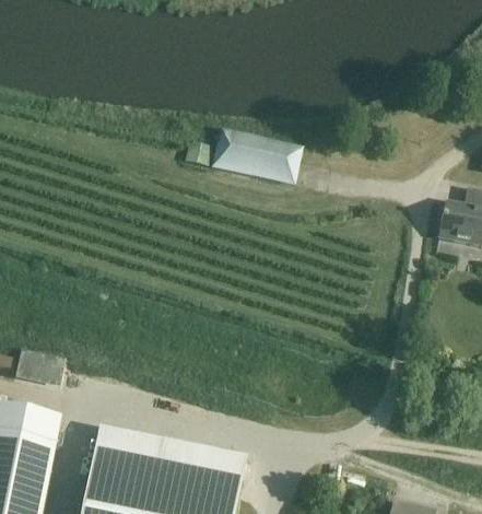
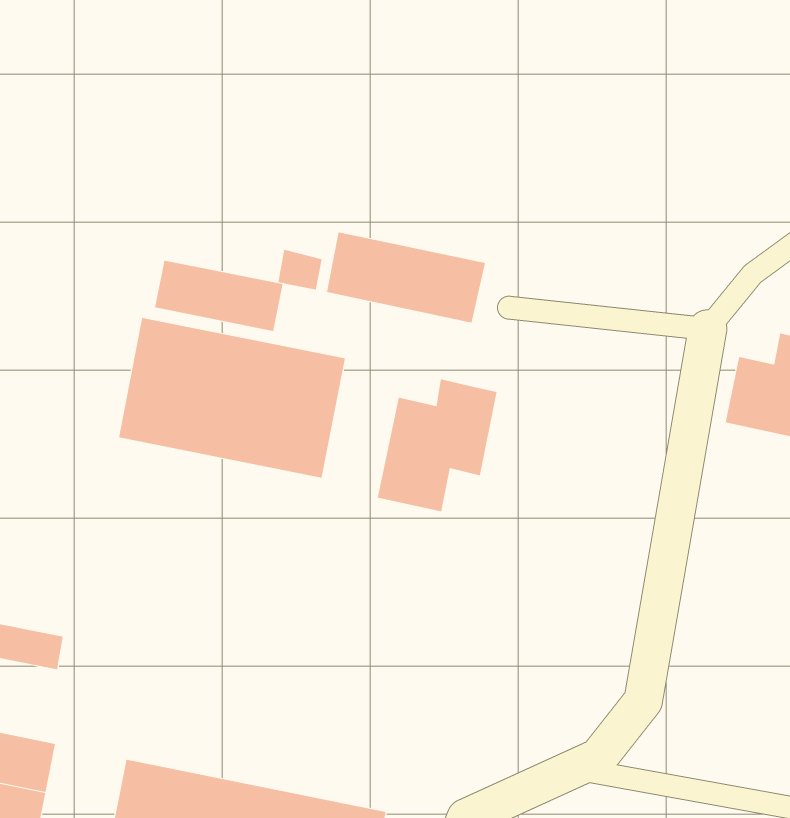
building: none -> [155,260,283,332]
building: none -> [118,317,345,478]
building: none -> [377,379,497,512]

